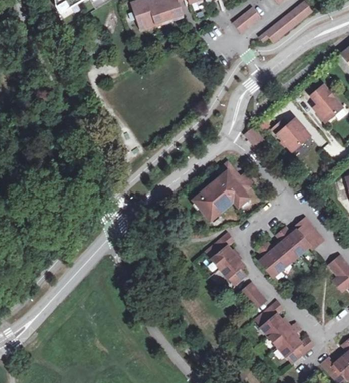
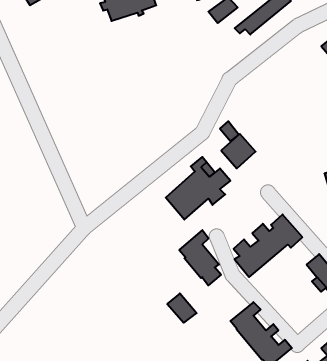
building: [310,83,341,120] -> none
building: [276,117,309,150] -> [221,134,256,168]
building: [238,280,266,308] -> [167,293,197,323]

